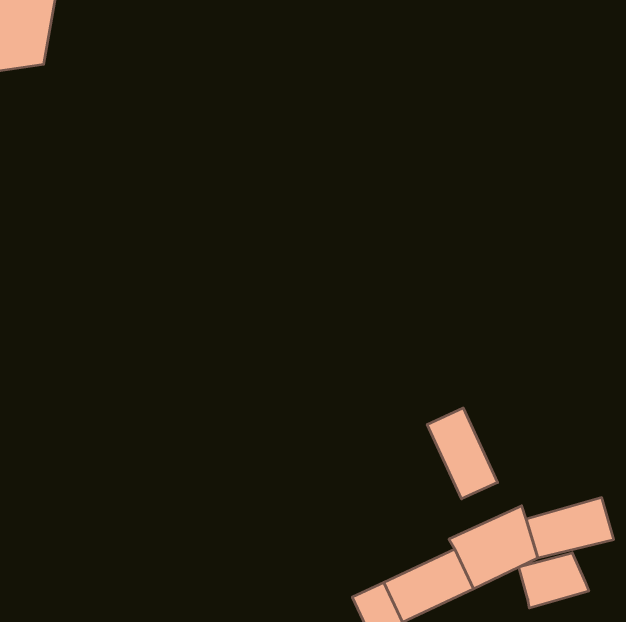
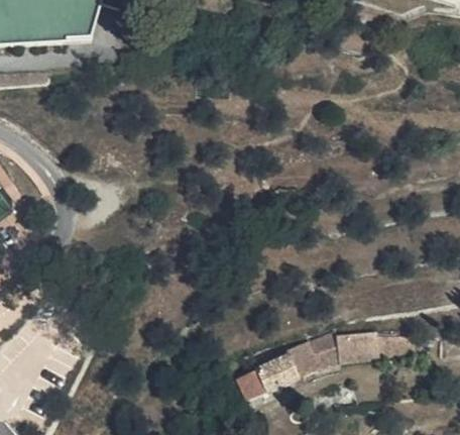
building: [427,408,498,499] -> none
building: [519,553,589,608] -> none

